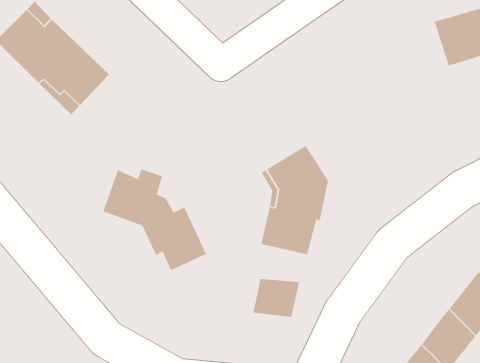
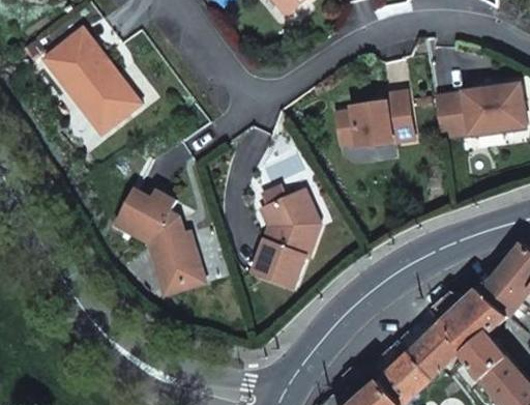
building: none -> [334,89,413,146]
building: [253,278,299,318] -> none

